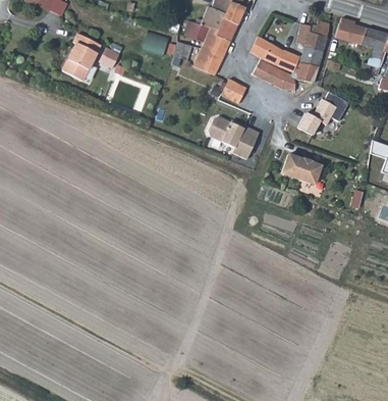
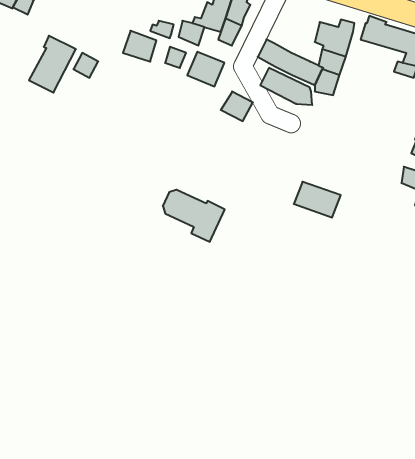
building: [201,27,229,56] -> none
building: [295,92,346,135] -> none
building: [208,116,259,159] -> [163,190,225,242]

